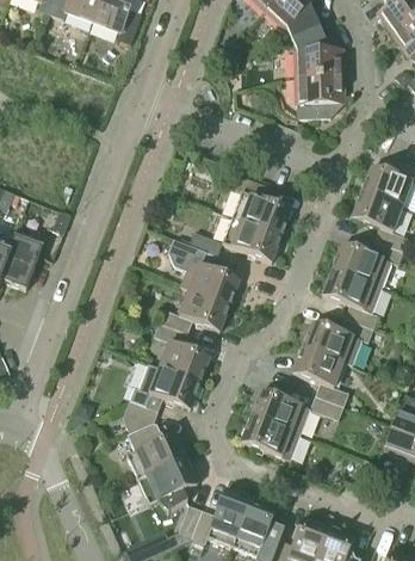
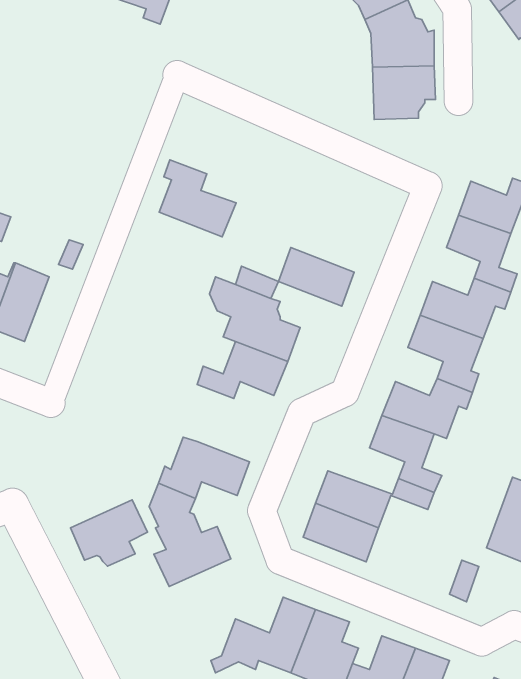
building: [233,177,292,236] -> [159,160,236,237]
building: [155,323,210,383] -> none
building: [138,458,198,510] -> [71,500,148,566]

